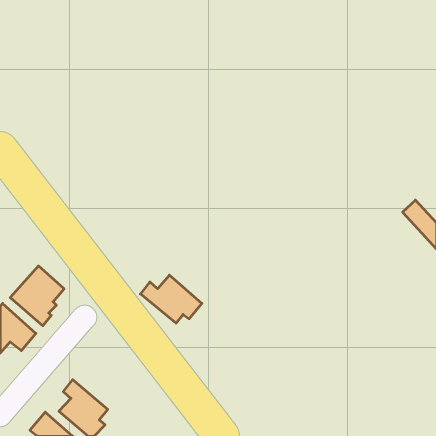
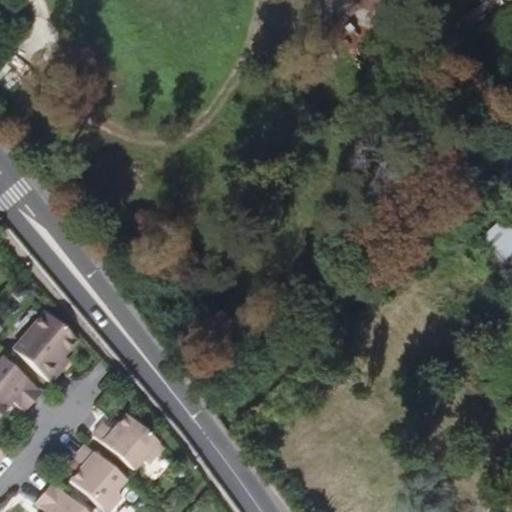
building: [140,275,202,323] -> [94,414,166,470]

